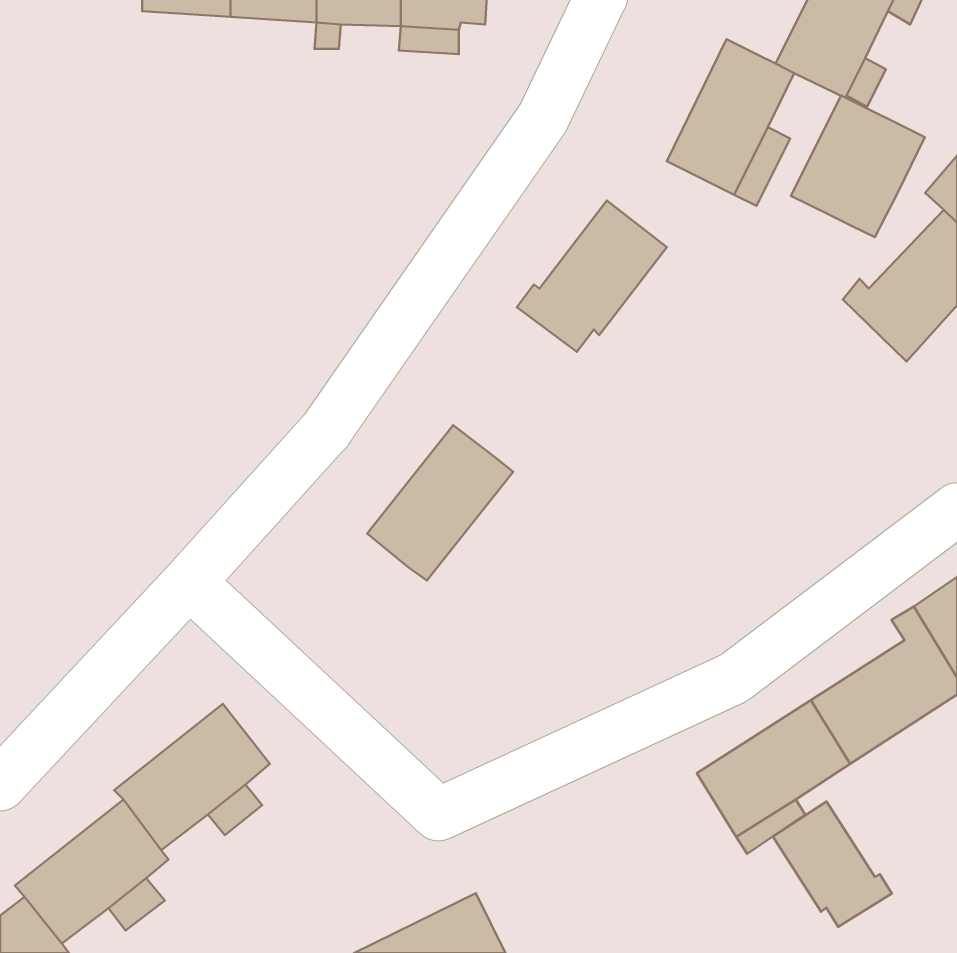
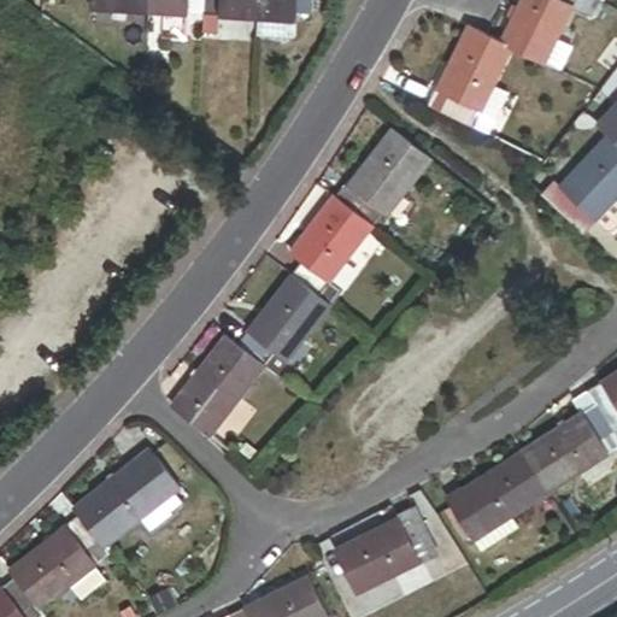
building: [791,96,925,237] -> none
building: none -> [288,195,371,294]
building: none -> [171,335,263,434]
building: none -> [334,507,436,594]
building: [773,801,892,927] -> none

